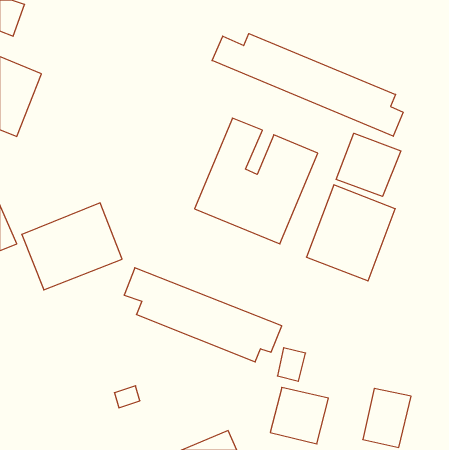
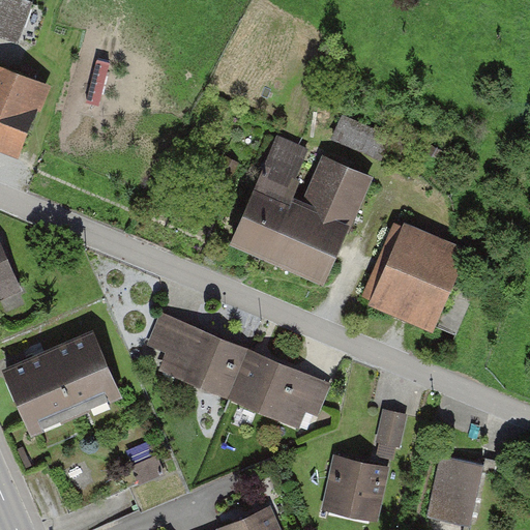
building: [212,34,403,136] -> none
building: [336,133,401,196] -> none
building: [22,203,122,290] -> [4,331,122,434]
building: [277,348,306,381] -> [373,408,406,447]

